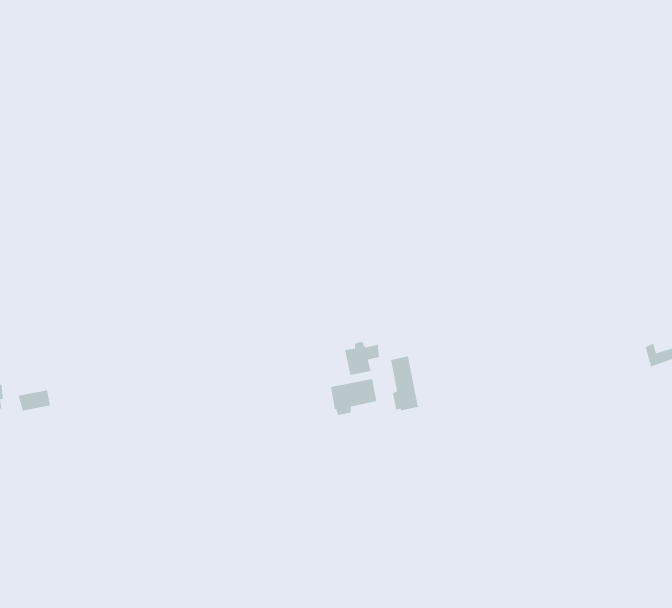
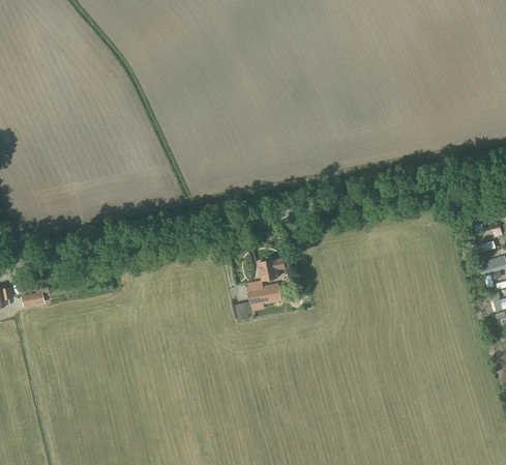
building: [391,356,418,411] -> none

